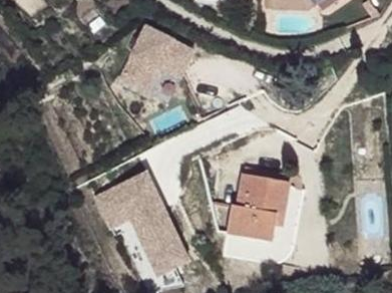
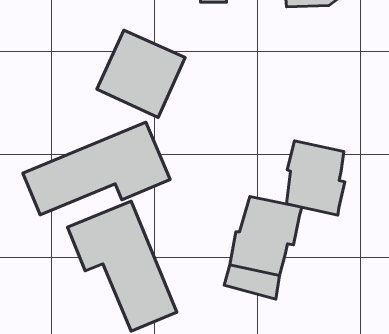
building: none -> [23,122,170,215]
building: none -> [286,141,345,215]

